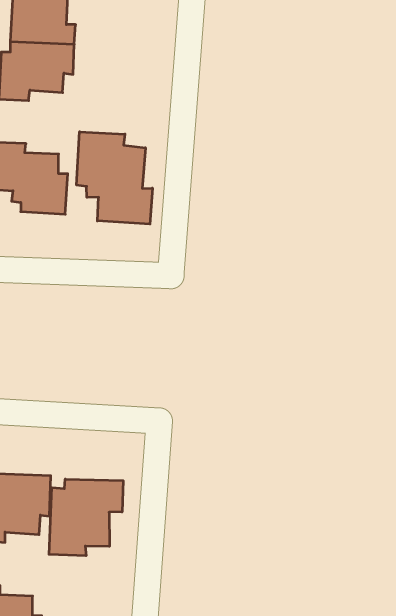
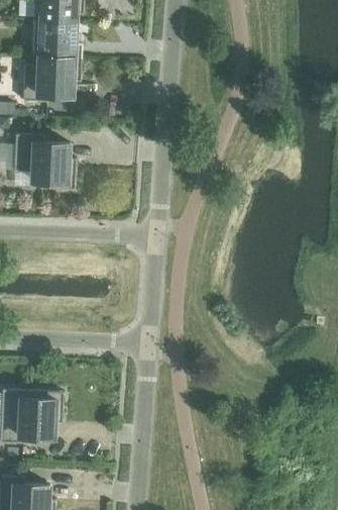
building: [77,132,152,224] -> none
building: [49,479,123,556] -> none

